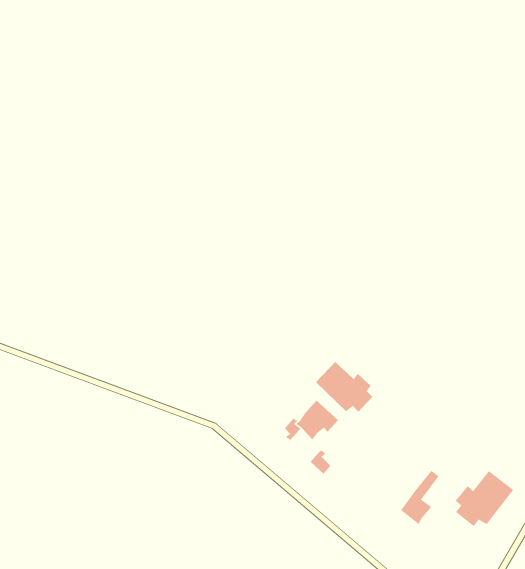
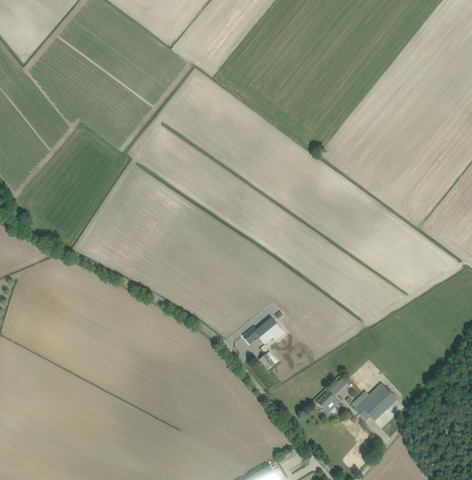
building: [315,361,373,413] -> none

